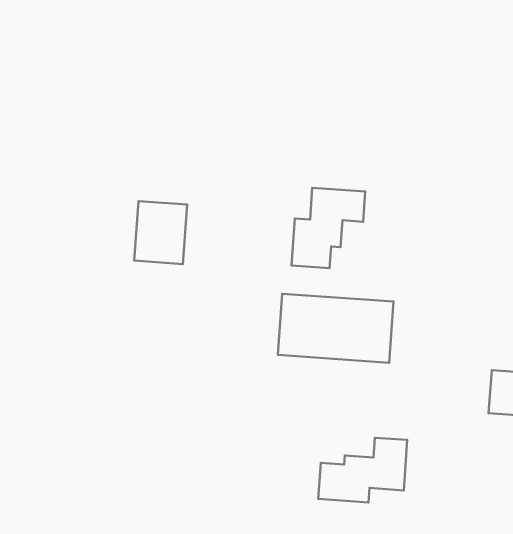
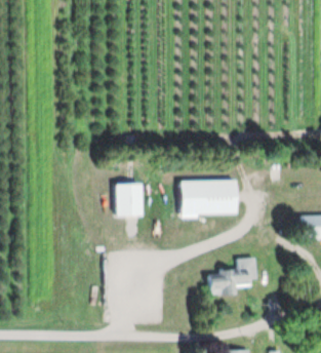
building: [292,188,365,268] -> none
building: [134,201,187,264] -> [115,184,143,218]

